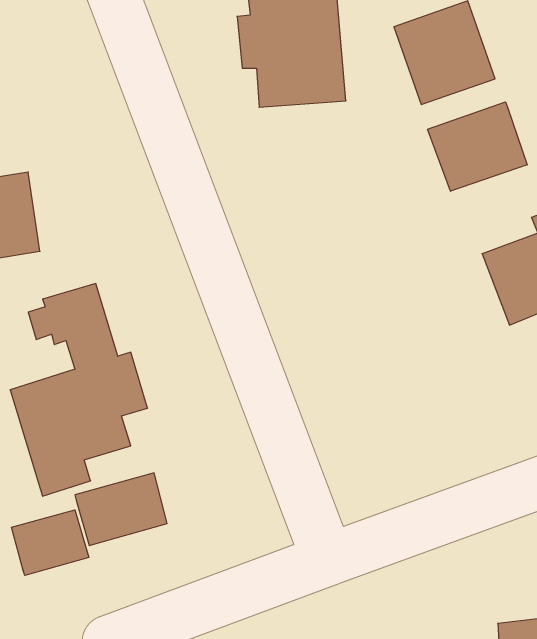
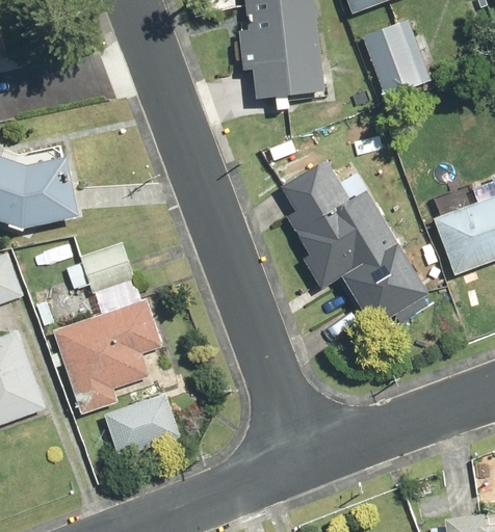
building: [428,102,527,191] -> none
building: none -> [282,158,428,337]
building: [12,510,89,575] -> none

